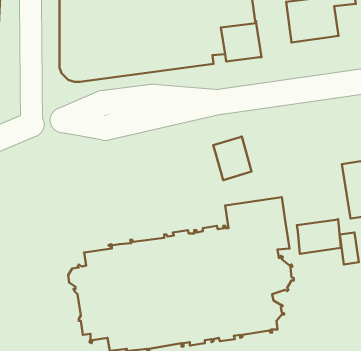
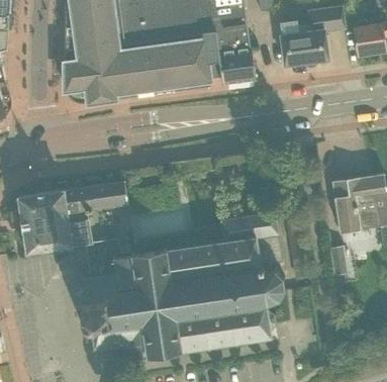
building: [213,136,252,180] -> none
building: none -> [18,181,127,265]
building: [297,219,341,254] -> none

